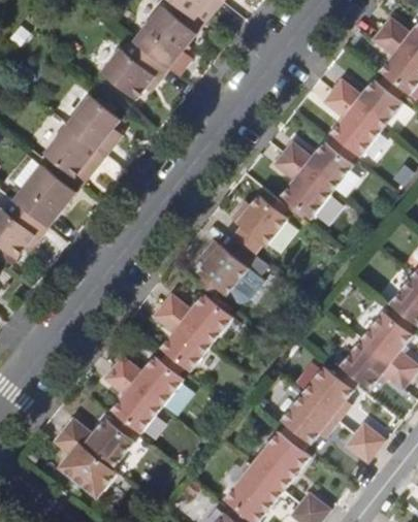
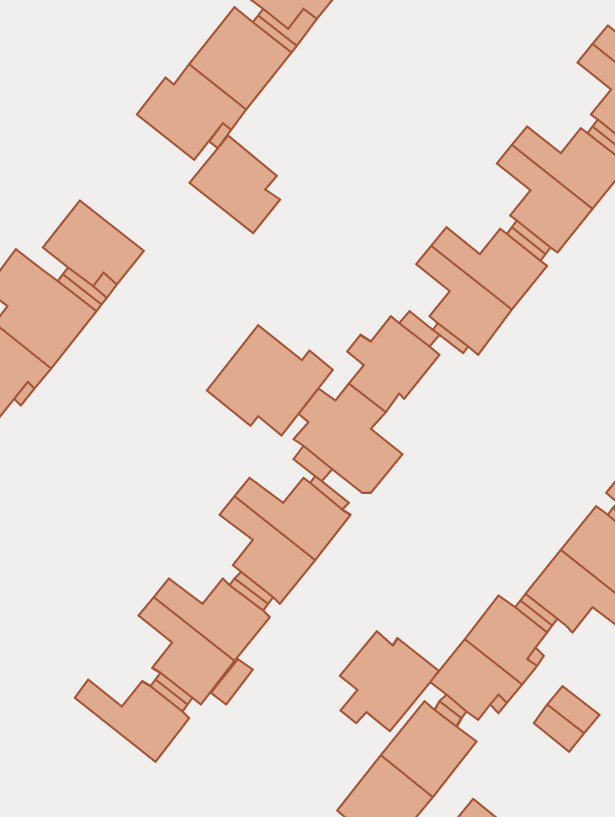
building: [66,95,122,155] -> [189,136,280,233]
building: none -> [207,325,333,435]
building: none -> [340,631,439,731]
building: [53,429,117,497] -> none

